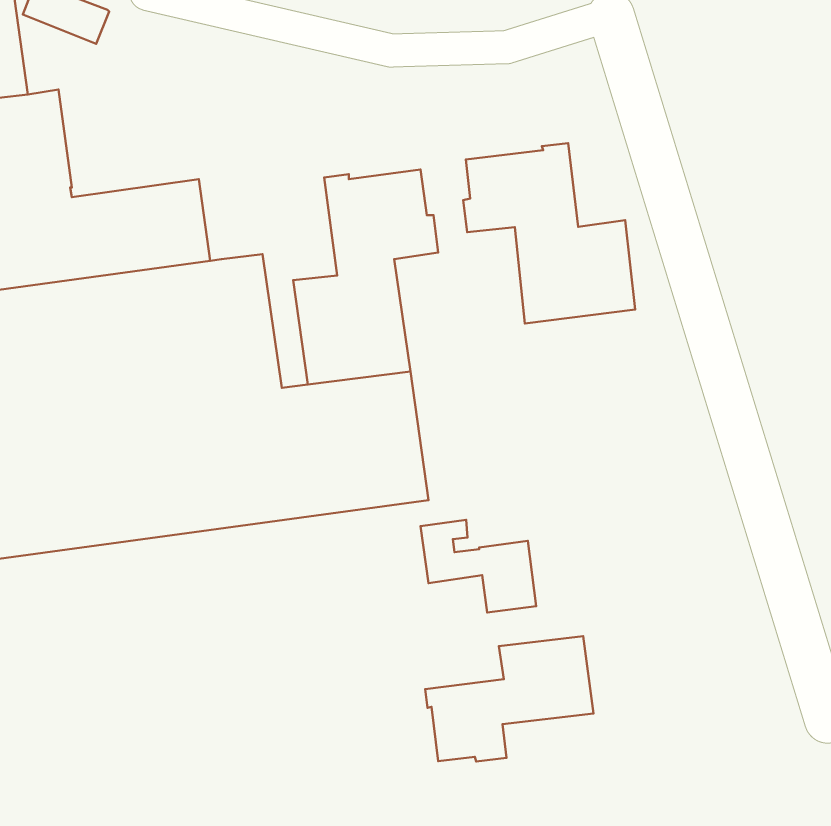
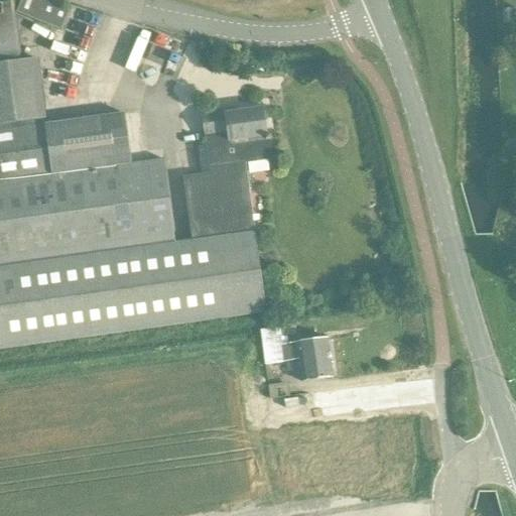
building: [463,143,635,323] -> none
building: [425,636,593,762] -> none

